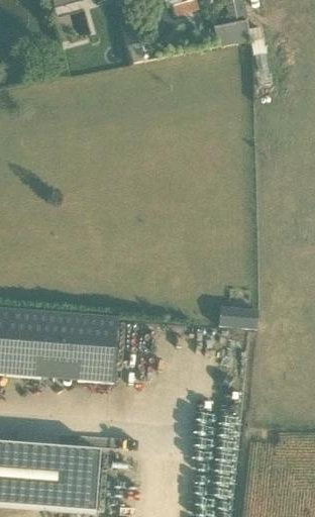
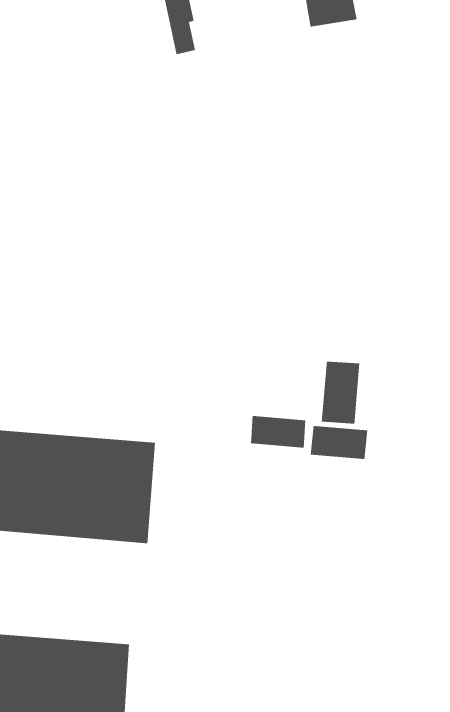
building: none -> [321,361,360,424]
building: none -> [250,415,306,448]

